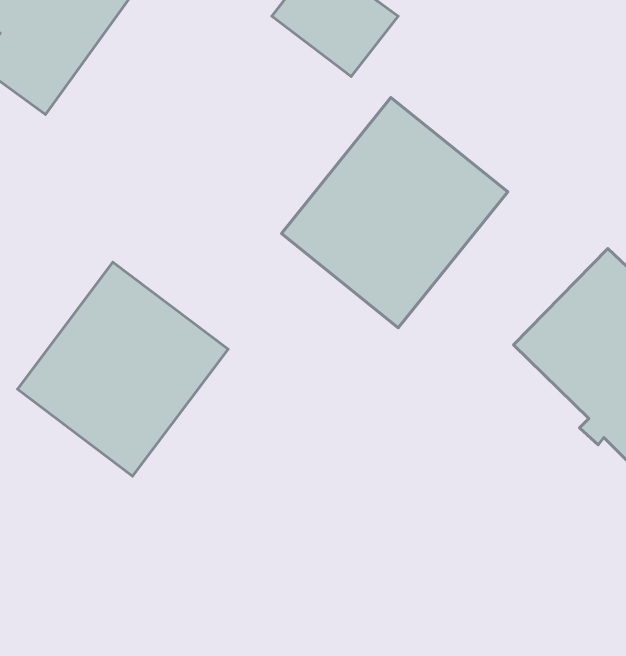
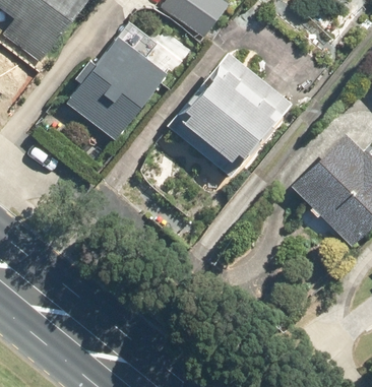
building: none -> [68,22,166,139]
building: [17,262,228,476] -> none

